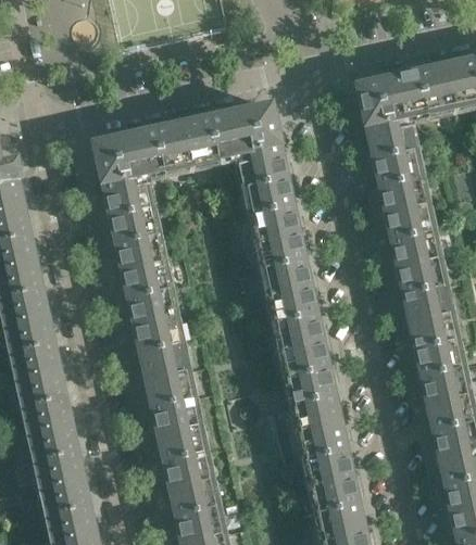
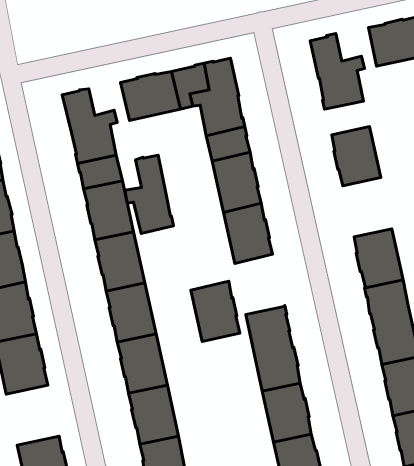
building: [384,68,427,112] -> none
building: [121,127,164,169] -> none
building: [372,147,419,182] -> none
building: none -> [125,155,174,233]
building: [391,228,443,291] -> none
building: [276,309,328,373] -> [191,281,240,341]
building: [33,448,89,512] -> none

